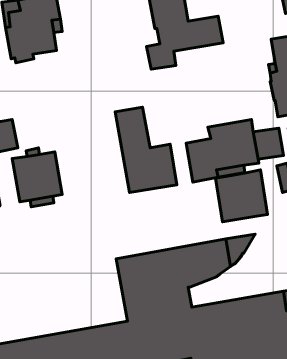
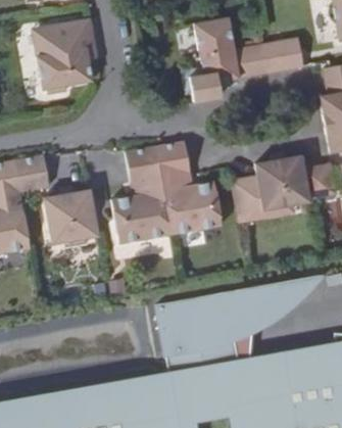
building: none -> [266,39,303,73]
building: none -> [111,147,170,243]
building: [215,170,268,222] -> none

